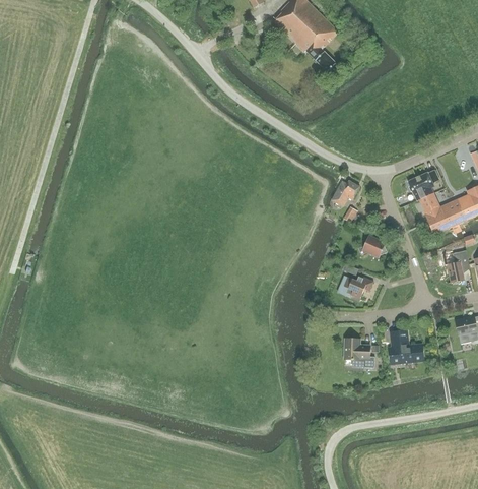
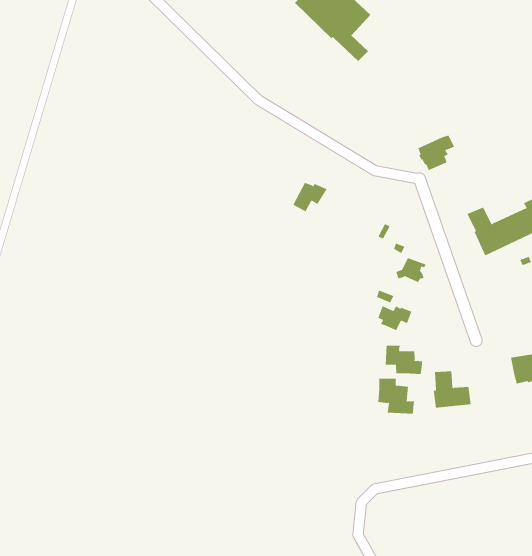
building: [408,169,439,199] -> [417,135,455,171]
building: [331,179,360,204] -> [293,182,328,212]
building: [448,249,469,282] -> none
building: none -> [385,345,423,375]

